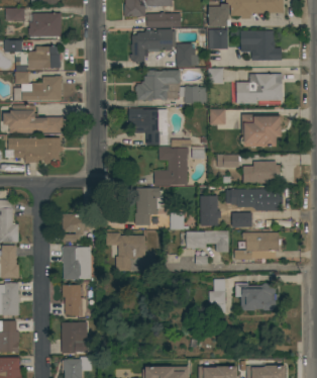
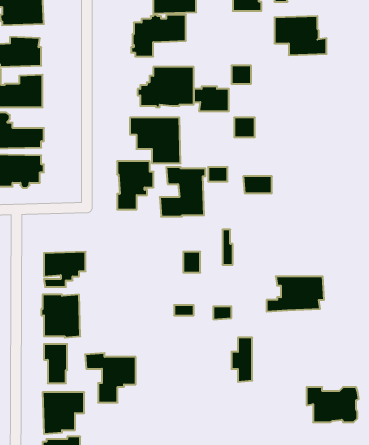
building: [209,29,228,50] -> none
building: [177,43,200,66] -> none
building: [236,74,283,103] -> none
building: [241,113,282,147] -> none
building: [243,161,281,183] -> none
building: [135,188,164,225] -> [117,161,154,209]
building: [217,189,283,229] -> none
building: [187,230,229,252] -> none
building: [106,232,145,271] -> [85,353,136,403]
building: [236,283,277,310] -> [307,387,359,422]

